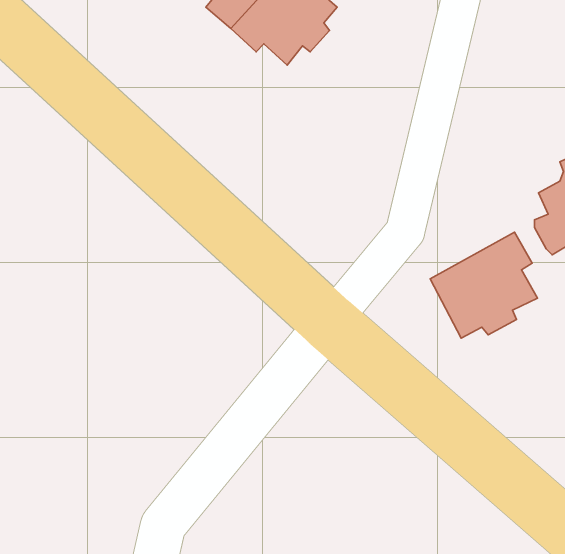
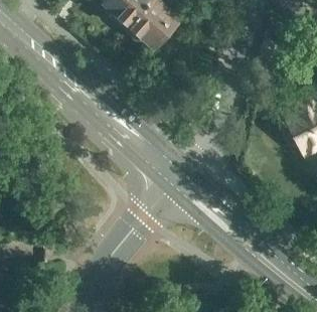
building: [430,232,538,338] -> none

